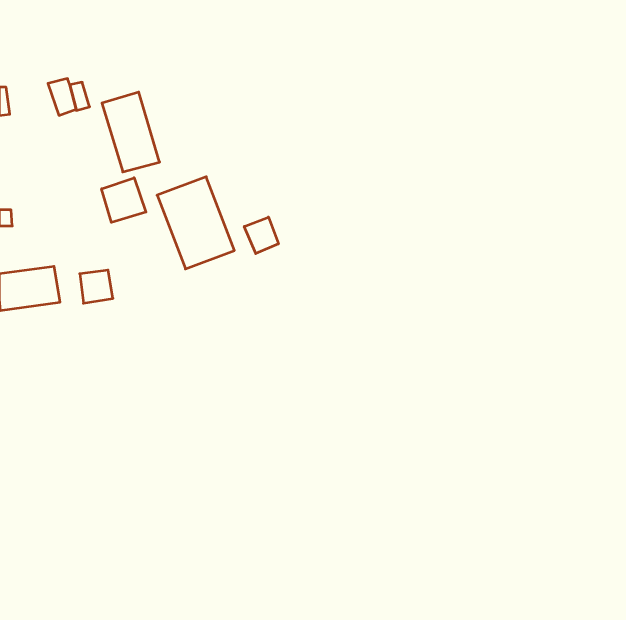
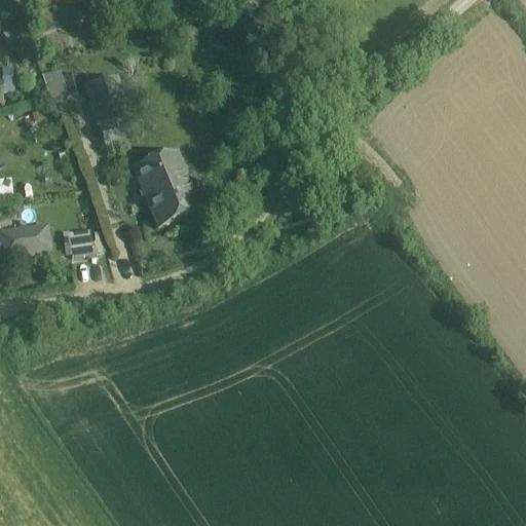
building: [102,178,146,222] -> none
building: [244,217,278,254] -> none

